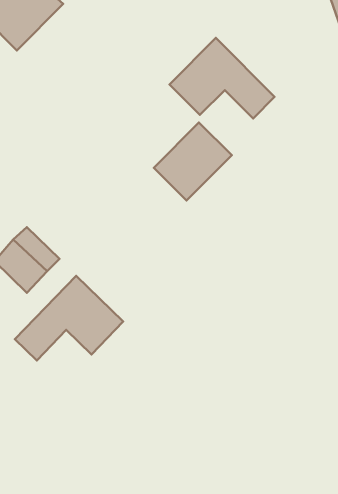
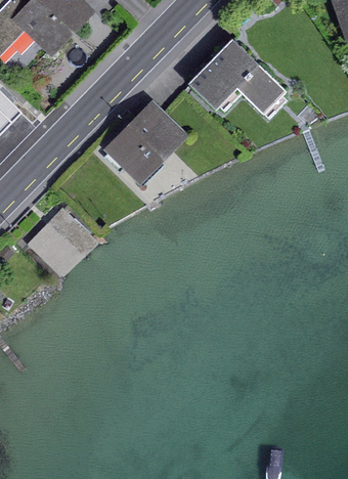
building: [154,122,232,201] -> [107,104,178,175]
building: [15,276,123,360] -> none

